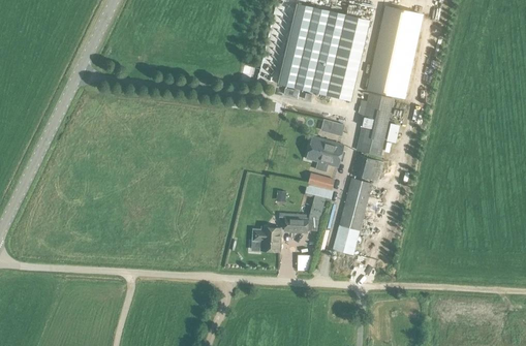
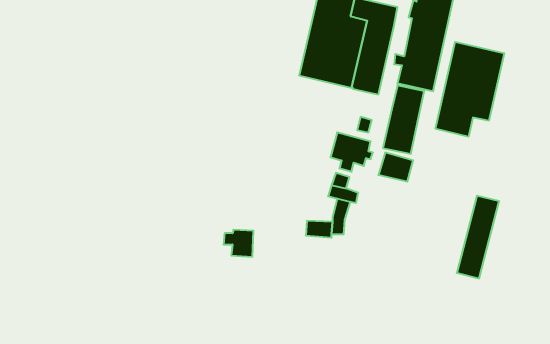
building: none -> [436,42,504,137]
building: [332,179,371,255] -> [457,196,499,278]
building: [252,227,280,252] -> [223,230,254,257]

